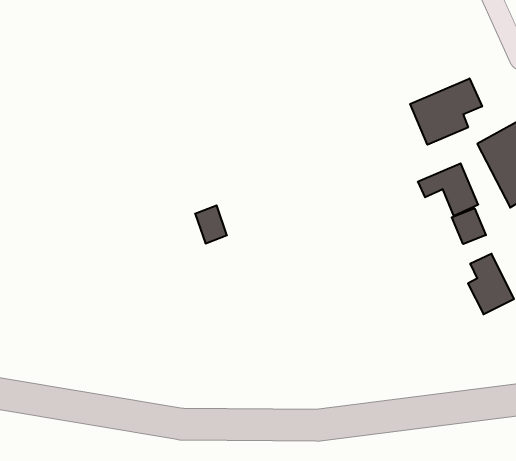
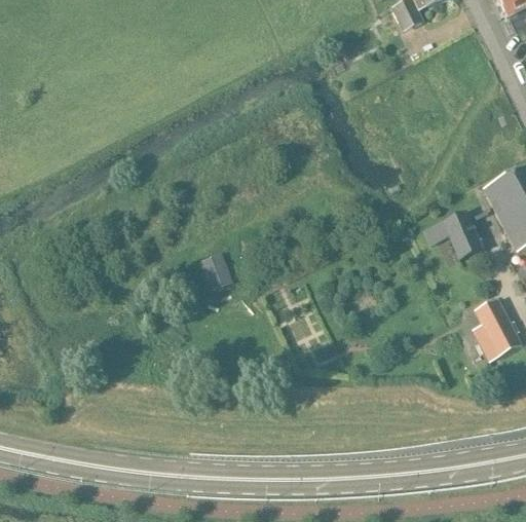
building: [410,78,482,145] -> none
building: [452,208,486,244] -> none

